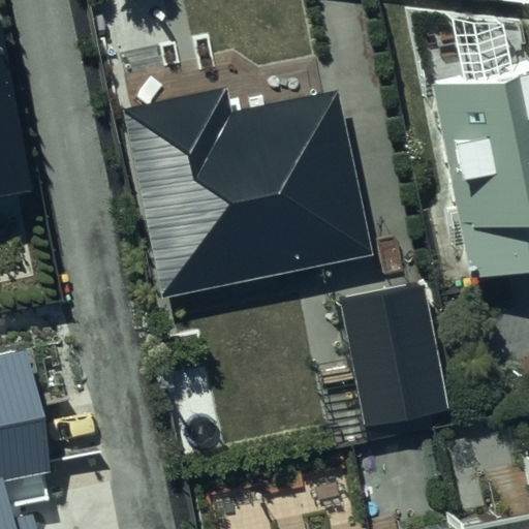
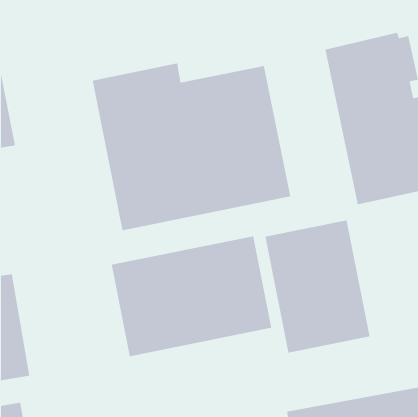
building: none -> [111,235,272,357]

